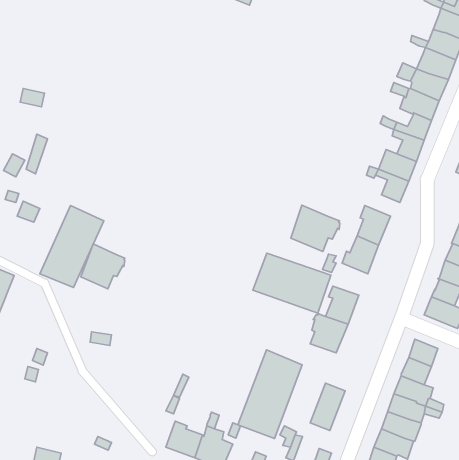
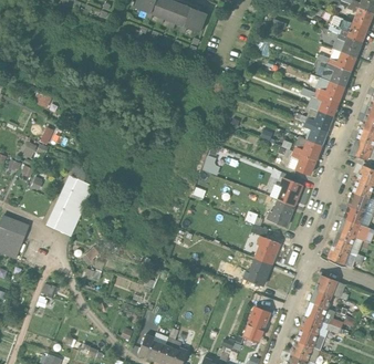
building: [291,205,340,251] -> none
building: [81,244,125,289] -> none
building: [253,253,331,313] -> none
building: [238,350,302,438] -> none

